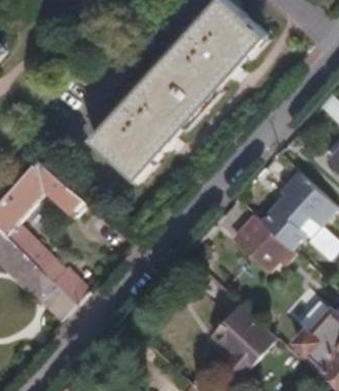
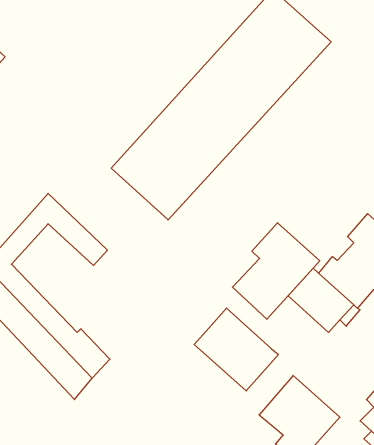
building: none -> [232,223,320,319]
building: none -> [194,308,278,391]

